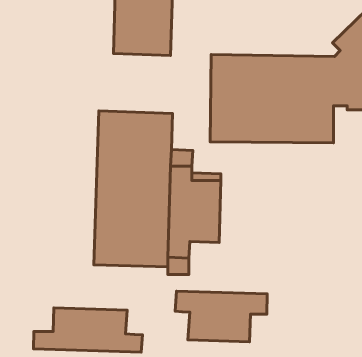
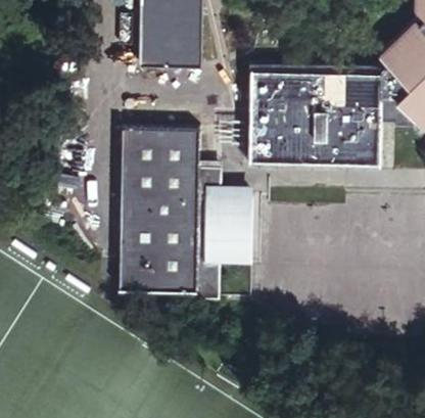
building: [175,291,267,342] -> none
building: [34,308,143,352] -> none

